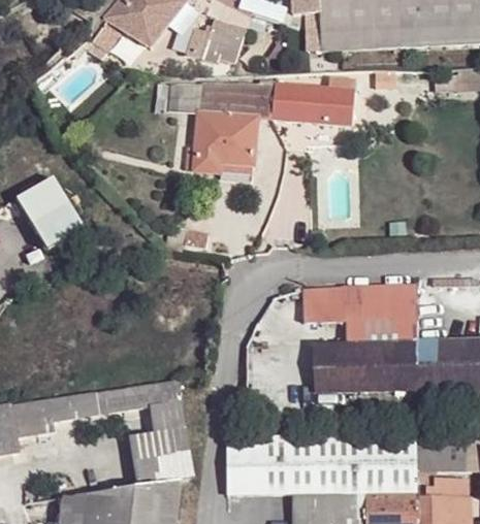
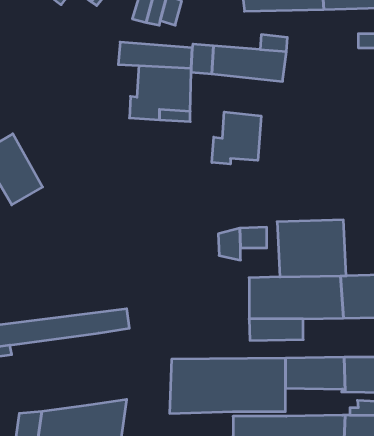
building: none -> [212,112,261,164]
building: [129,402,195,487] -> none
building: [355,468,418,499] -> none

